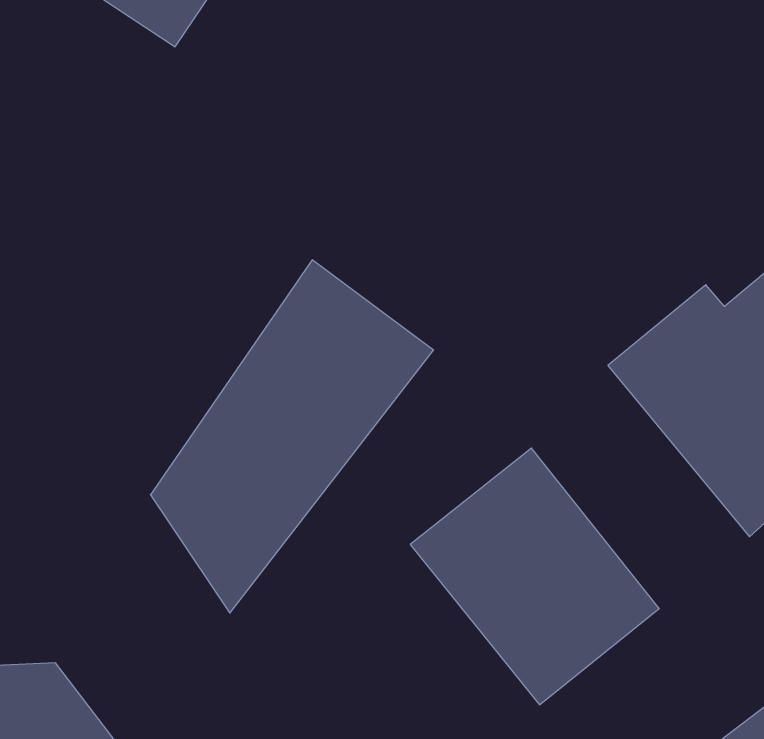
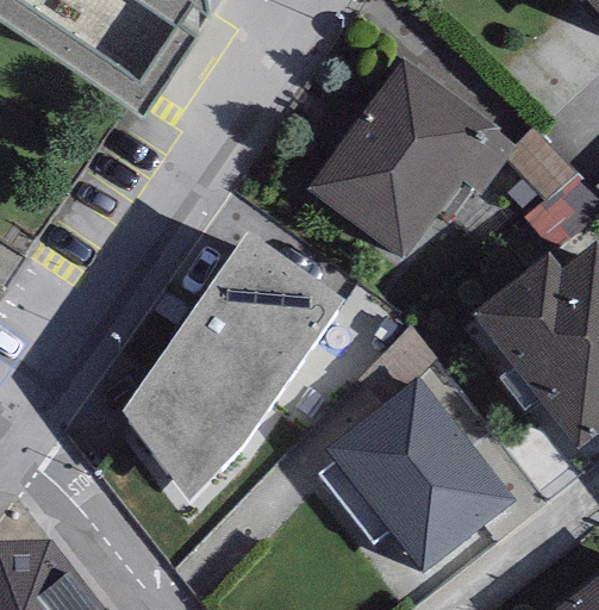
building: none -> [307,60,514,261]

